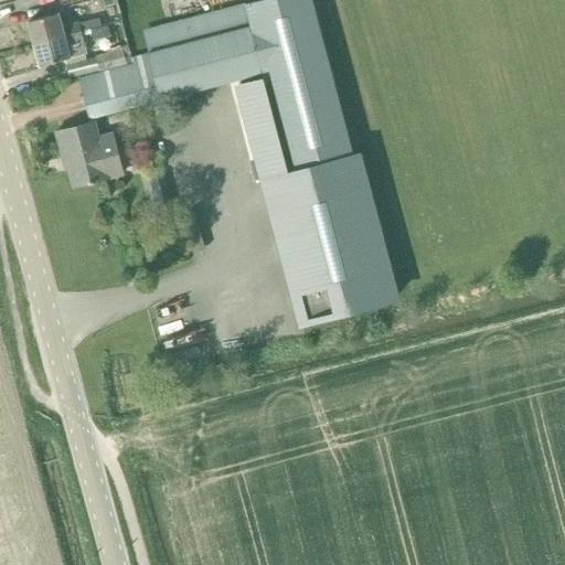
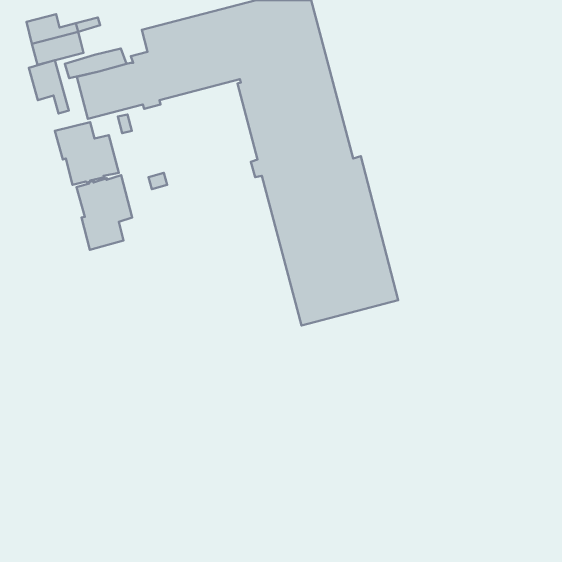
building: none -> [29,60,69,114]
building: none -> [76,175,132,250]

